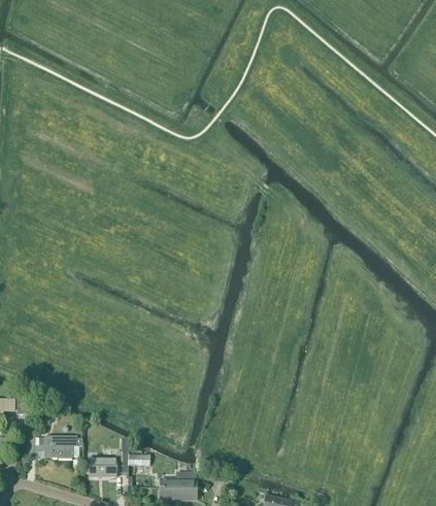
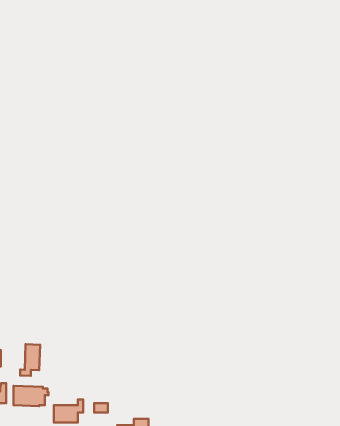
building: none -> [20,344,40,376]

